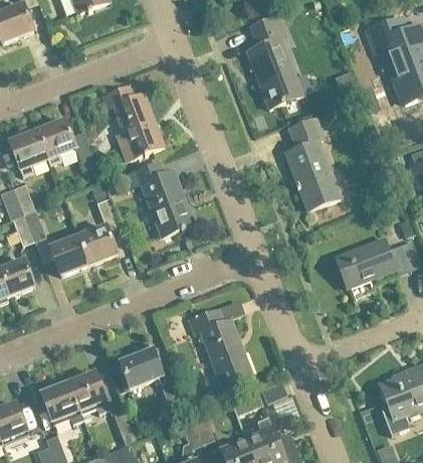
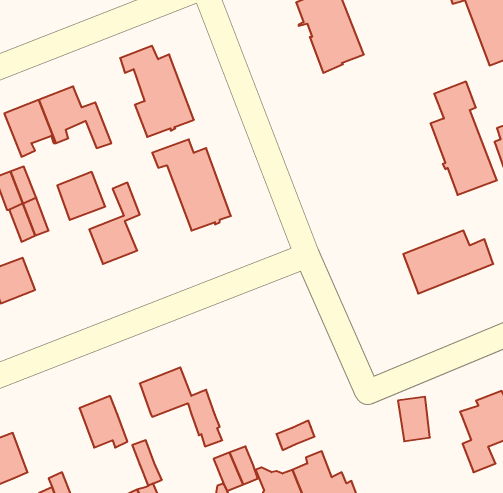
building: [285,117,340,209] -> [430,82,497,195]
building: [50,236,89,275] -> [57,172,105,220]
building: [189,309,252,387] -> none
building: [40,381,84,425] -> none
building: [266,388,292,424] -> [398,397,430,441]

